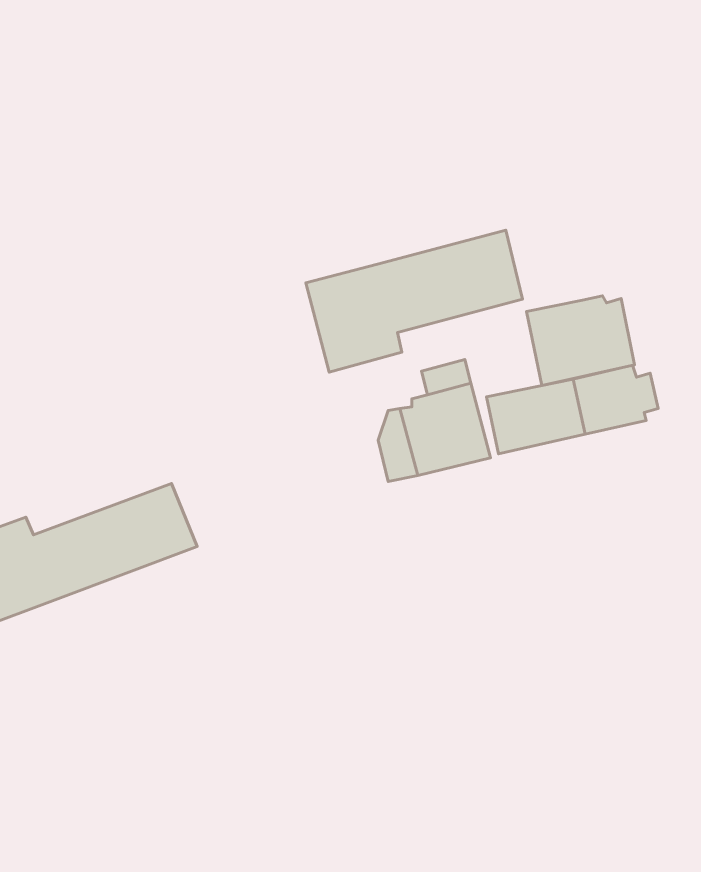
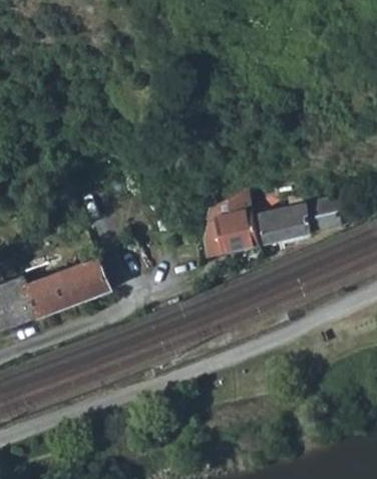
building: [306,230,522,372] -> none
building: [527,296,635,385] -> none

